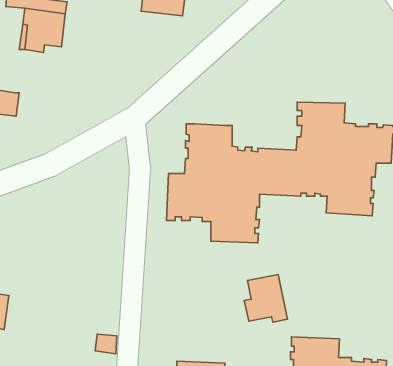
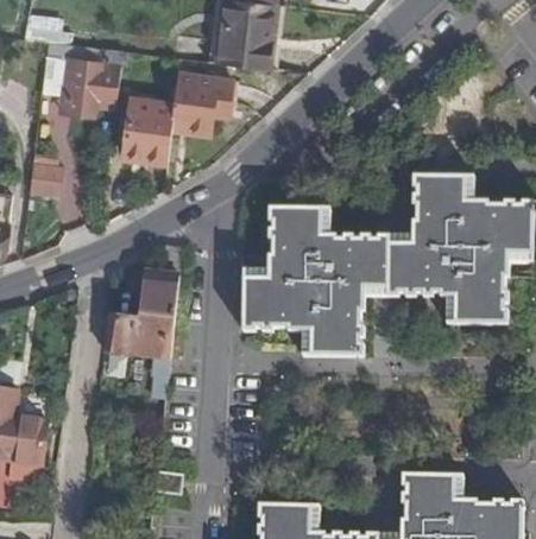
building: none -> [122,72,229,161]
building: none -> [102,246,181,379]
building: [244,275,288,322] -> none

